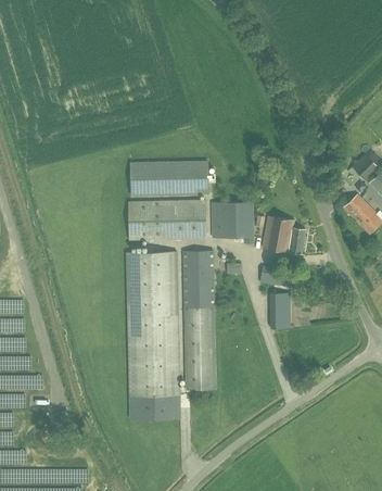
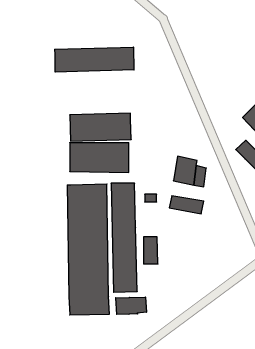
building: none -> [55,47,134,72]
building: [212,201,253,242] -> none
building: [269,292,288,327] -> [144,237,158,264]
building: none -> [116,297,146,314]

